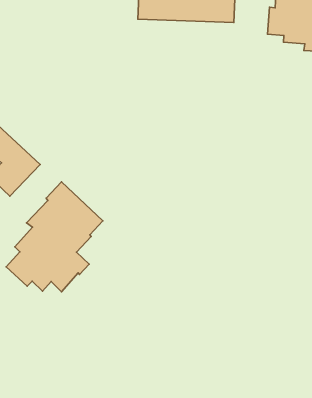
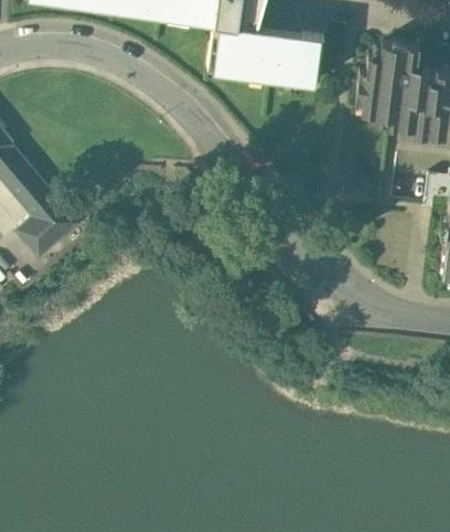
building: [6,182,103,292] -> none

